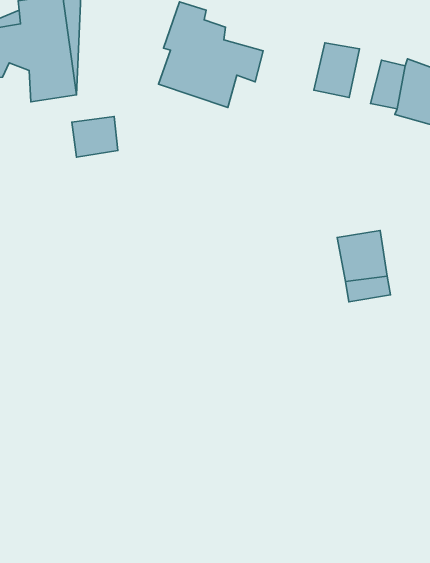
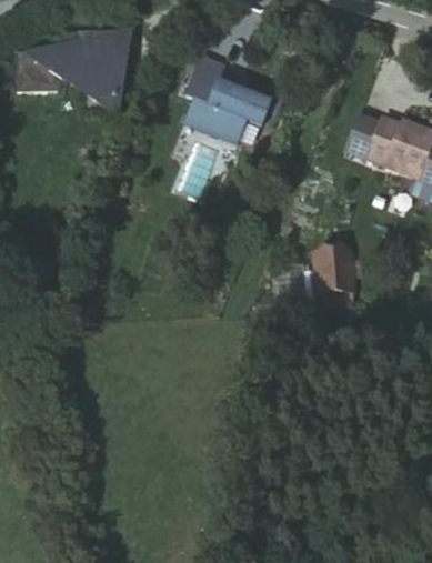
building: [314,43,360,98] -> none
building: [72,116,118,157] -> none

